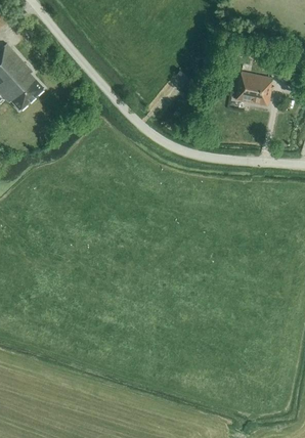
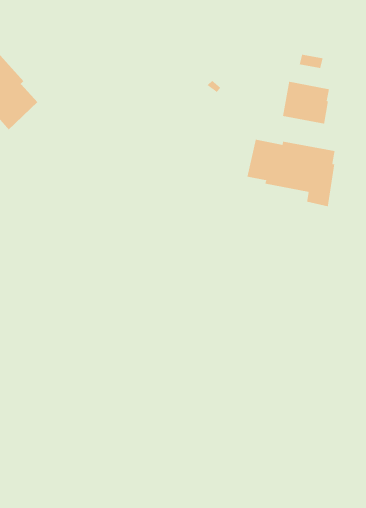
building: none -> [247,139,335,207]

